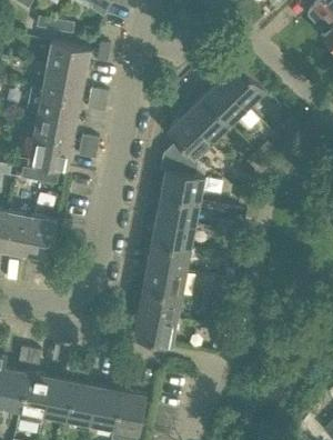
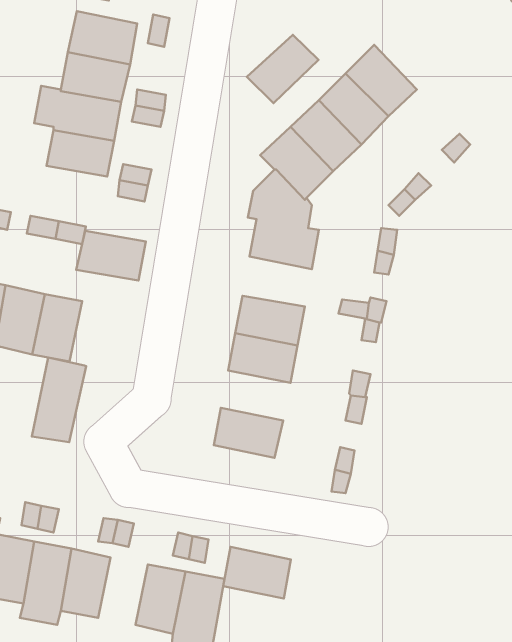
building: none -> [247,35,318,103]
building: [28,138,71,169] -> [76,231,146,281]
building: [155,194,199,226] -> none
building: none -> [32,358,86,442]
building: [142,266,185,297] -> none
building: [133,312,175,344] -> [223,547,291,599]
building: [65,382,97,424] -> none

